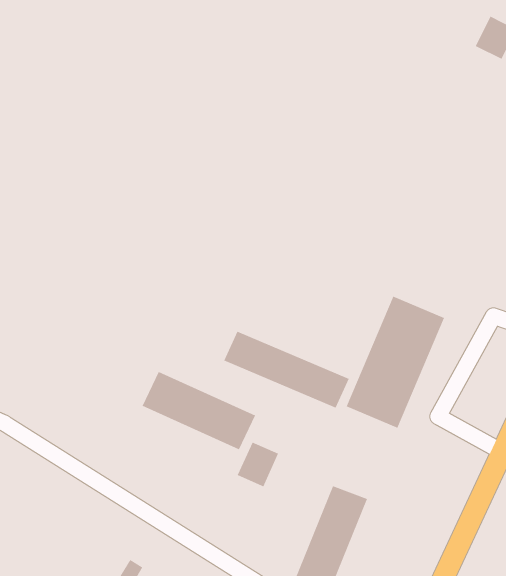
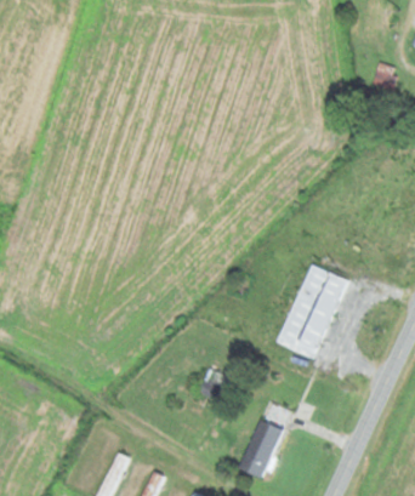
building: [224,331,350,409] -> none
building: [142,371,256,450] -> none

